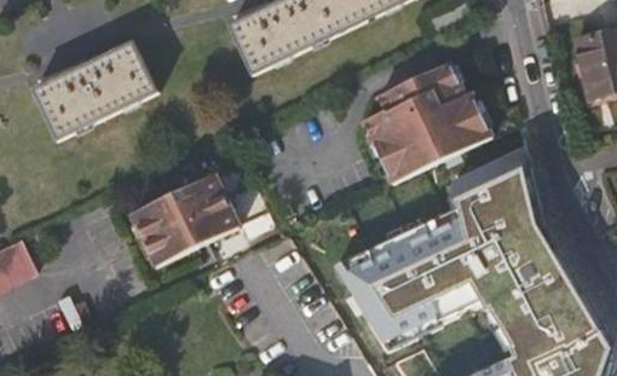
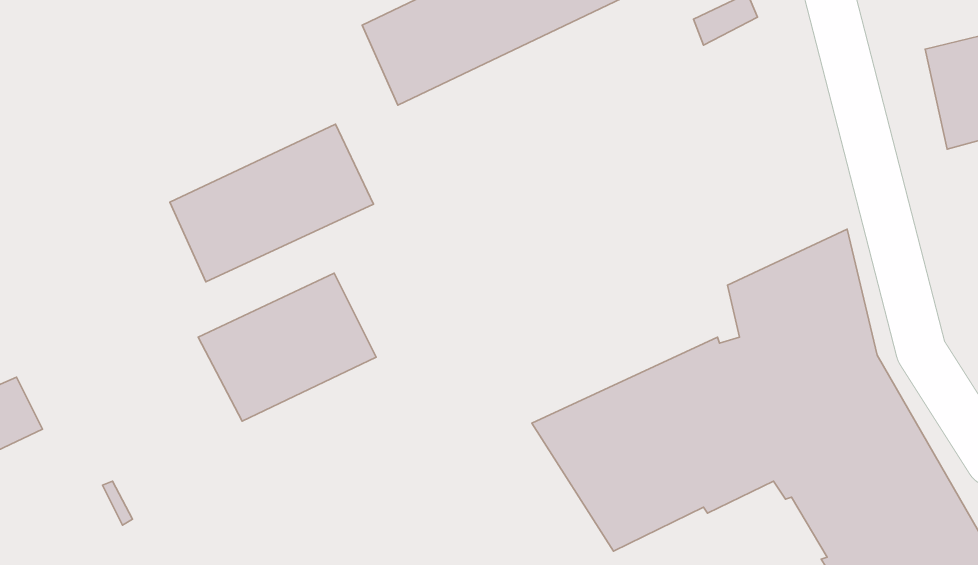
building: [34,44,157,139] -> [170,124,373,282]
building: [363,63,492,184] -> none

